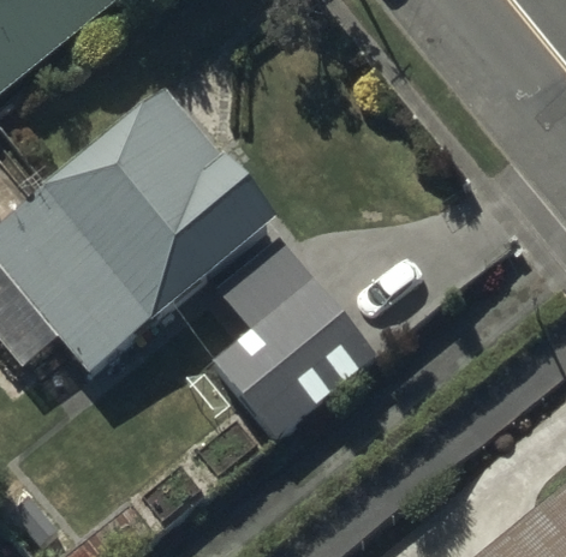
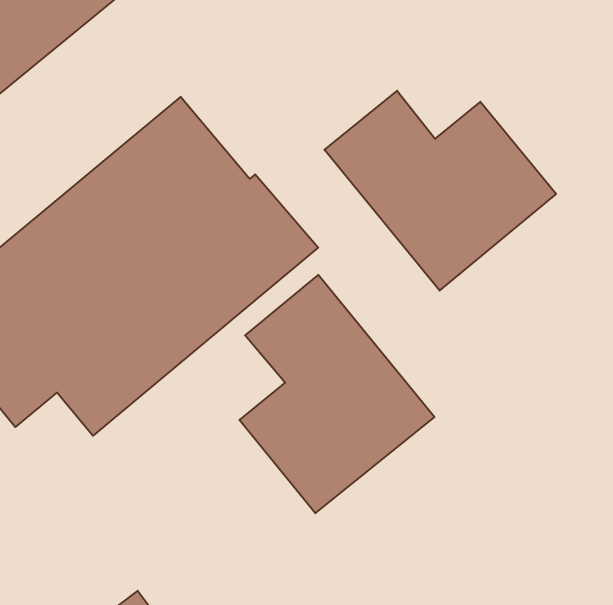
building: none -> [324,91,556,291]

